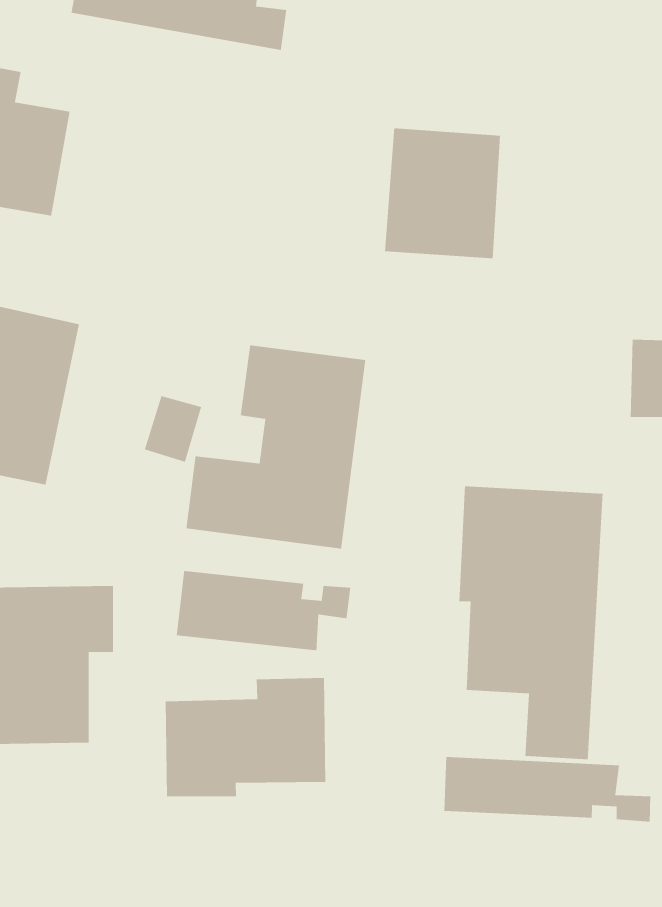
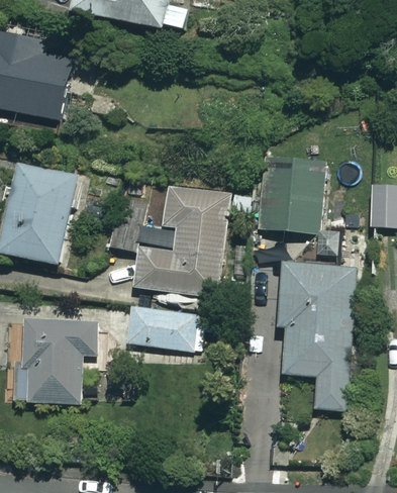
building: [384,128,501,259] -> [260,162,322,232]
building: [165,677,326,797] -> none
building: [443,756,651,823] -> none

